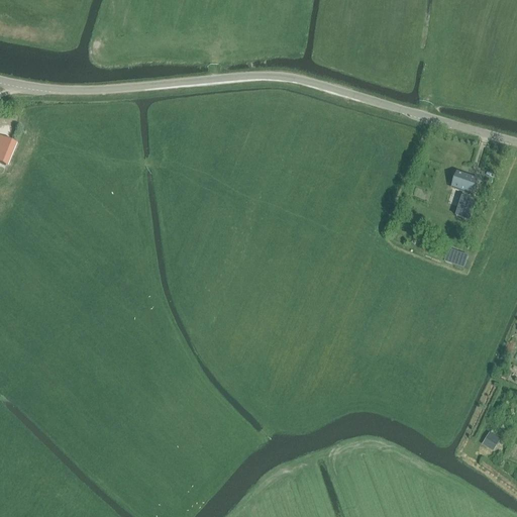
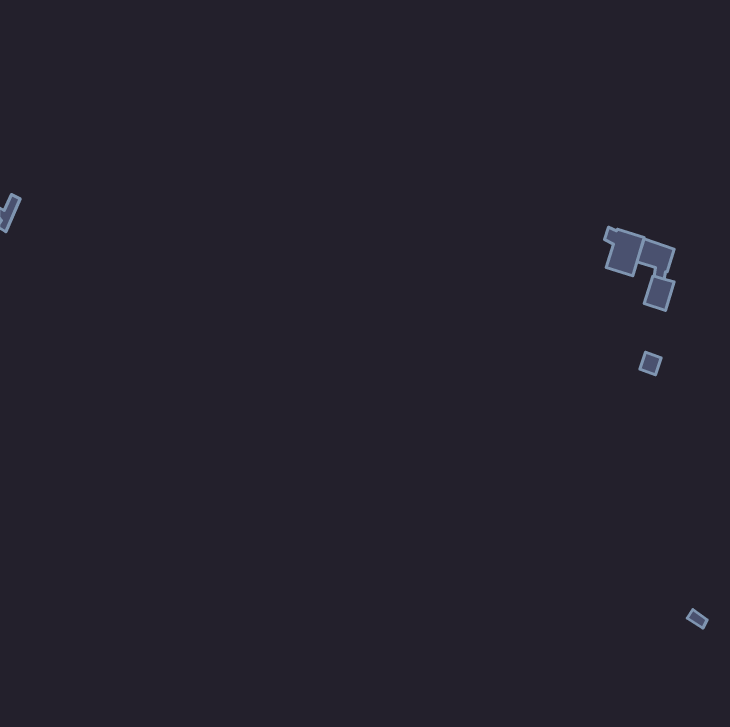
building: none -> [604,227,644,276]

